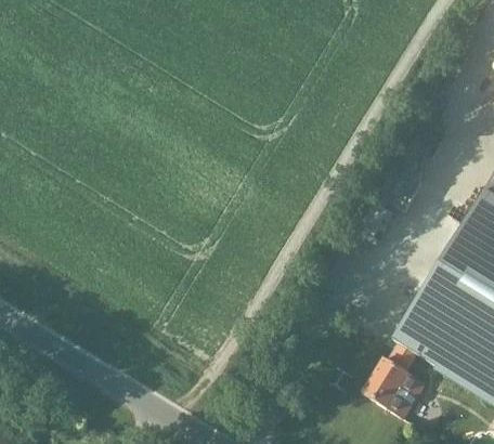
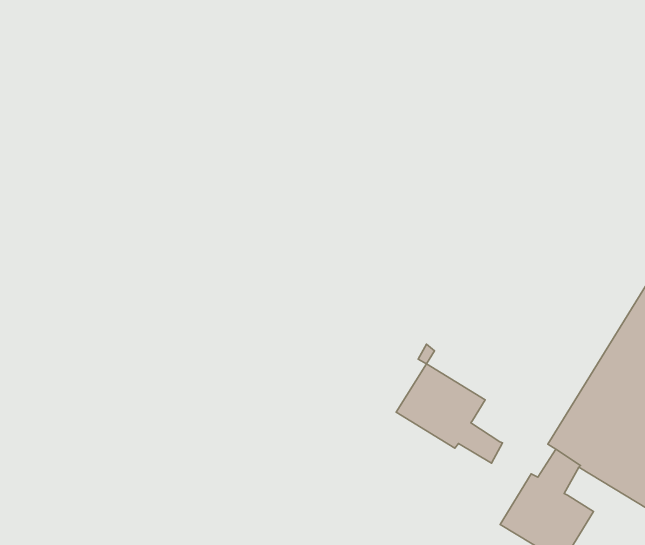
building: none -> [396,364,502,463]

